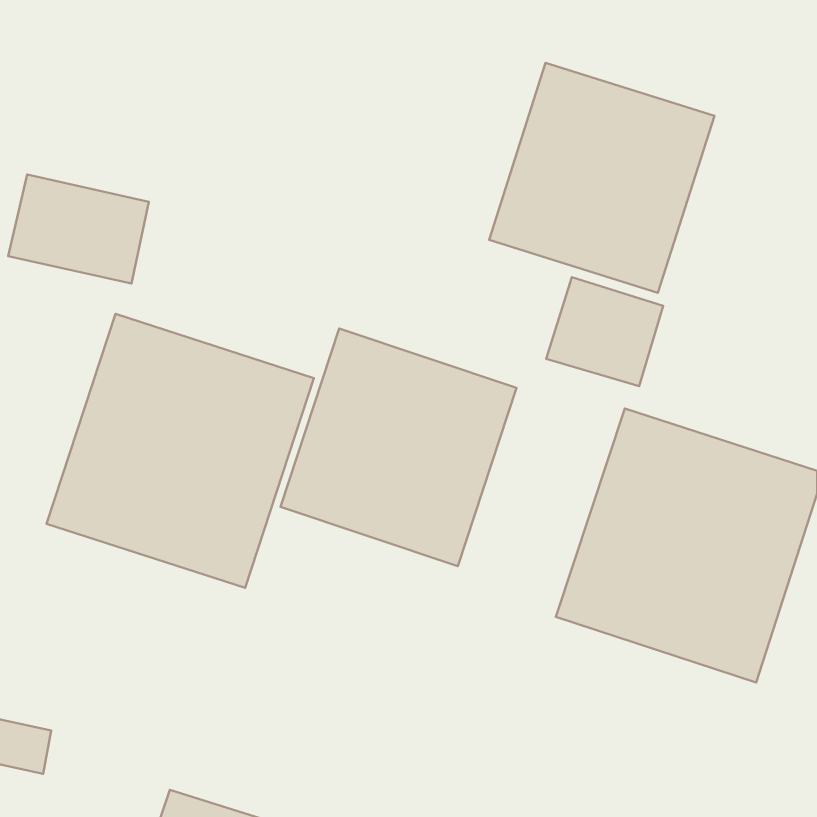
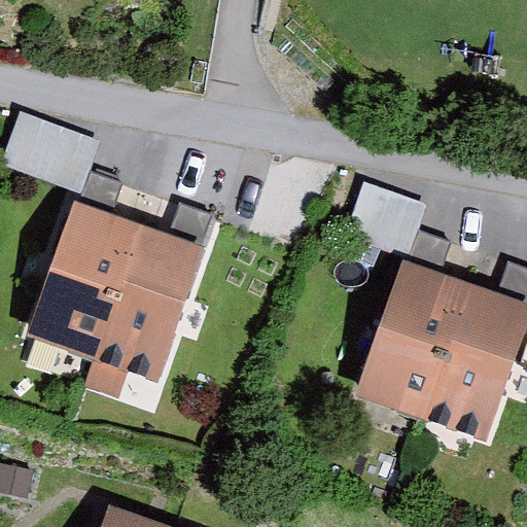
building: [489,63,714,293] -> none
building: [281,329,516,566] -> none

